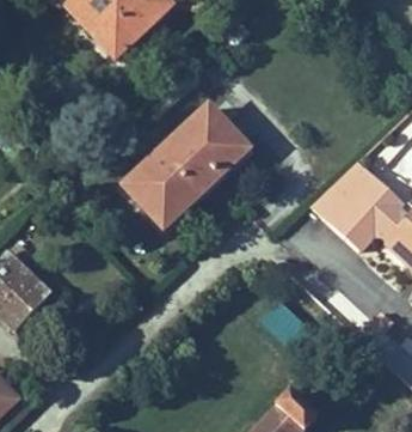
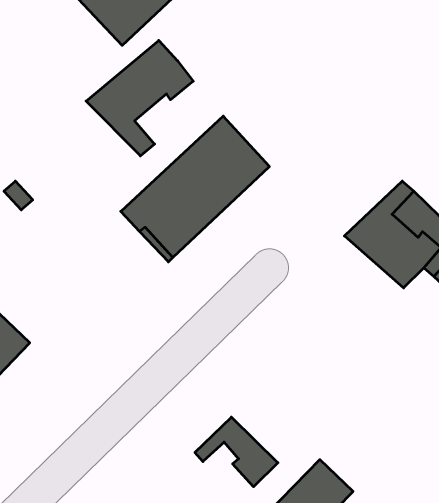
building: none -> [86,40,193,156]
building: none -> [195,417,278,487]

